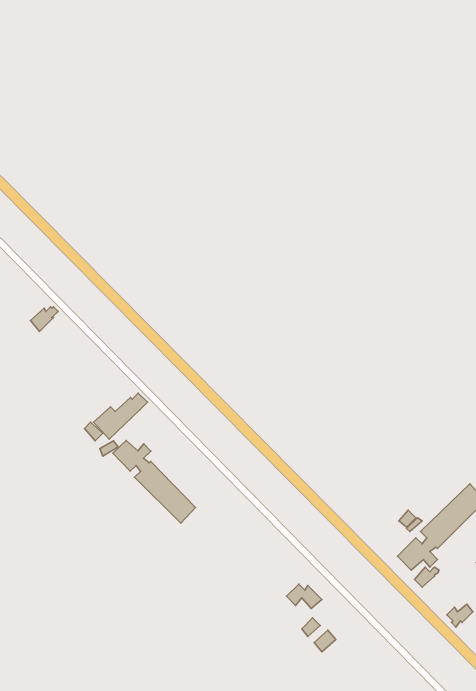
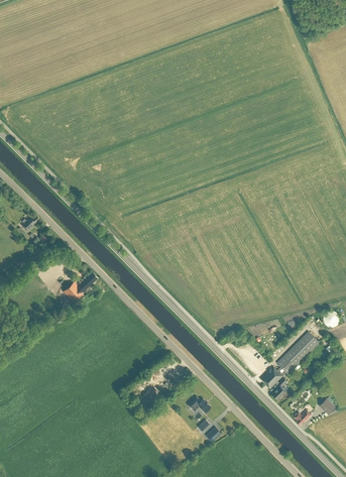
building: [113,440,196,523] -> none

